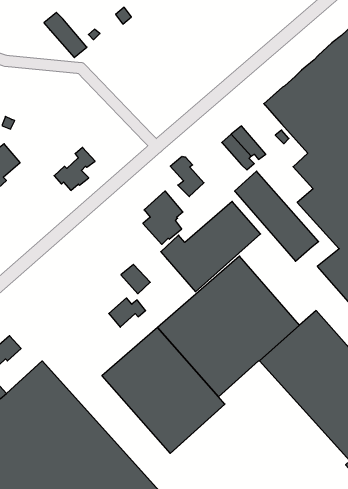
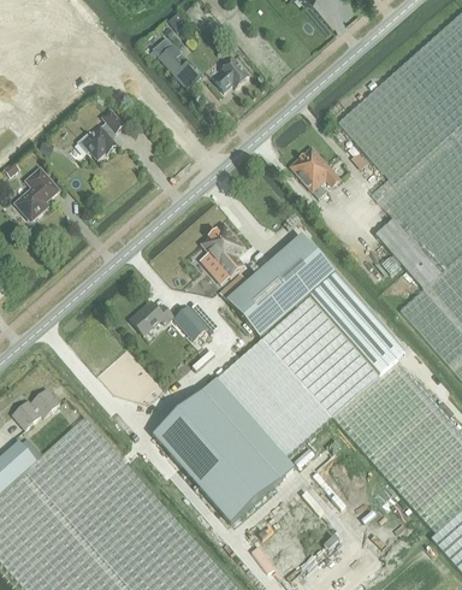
building: [44,12,87,58] -> [152,36,201,88]
building: none -> [213,57,249,92]
building: [54,147,95,190] -> [78,110,125,159]
building: [170,156,204,197] -> none
building: [235,171,319,261] -> [309,272,405,376]
building: [109,298,146,327] -> [131,301,173,335]

